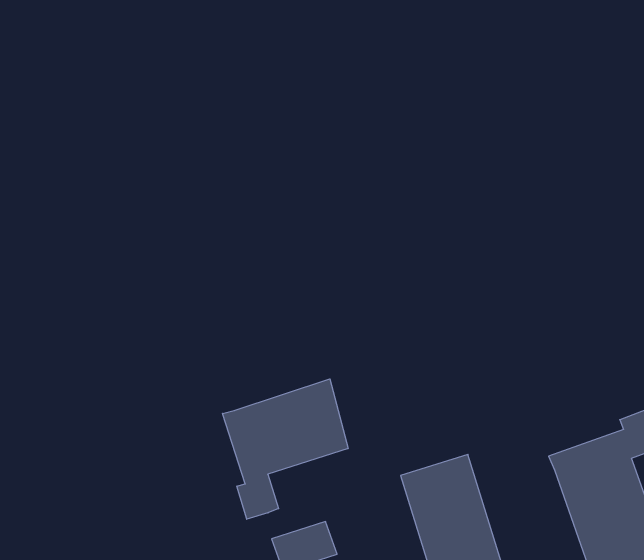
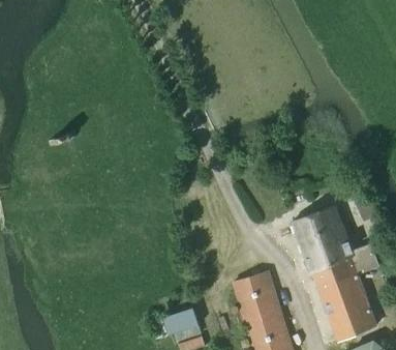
building: none -> [292,206,353,273]
building: [223,379,348,519] -> none

